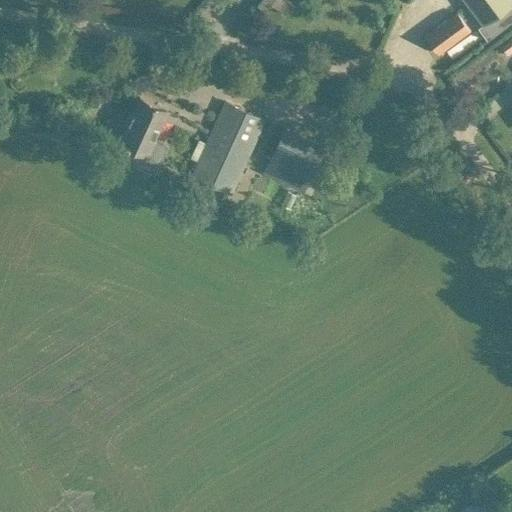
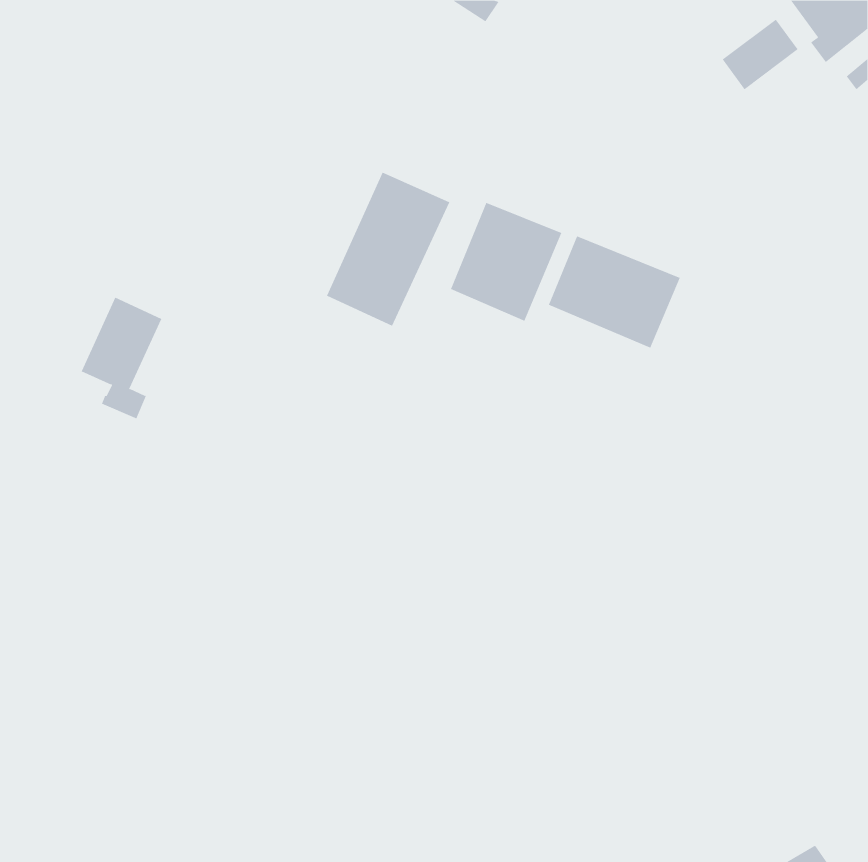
building: [120,101,168,173] -> [81,297,162,419]
building: none -> [548,235,681,348]

